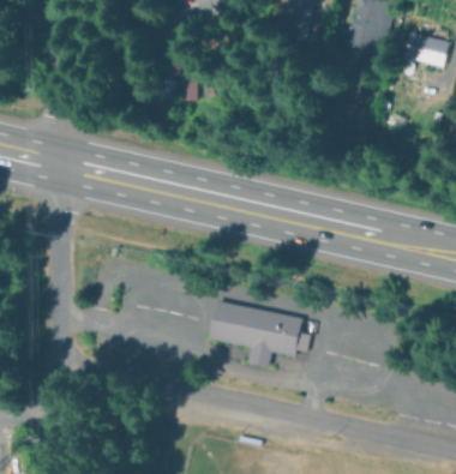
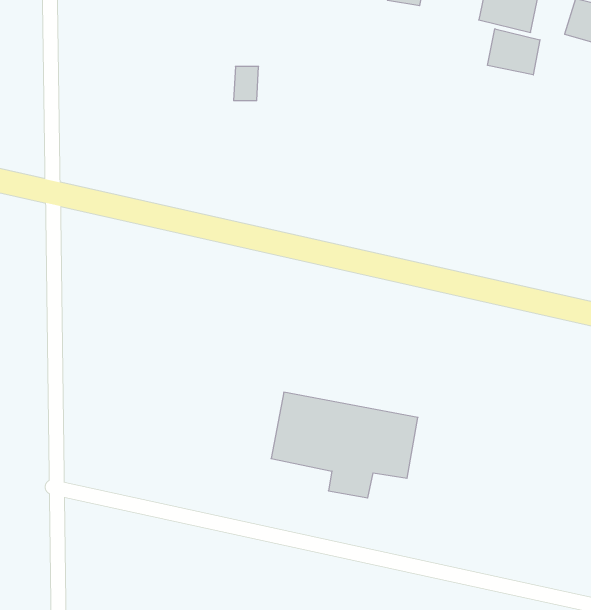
building: none -> [488,29,540,75]

